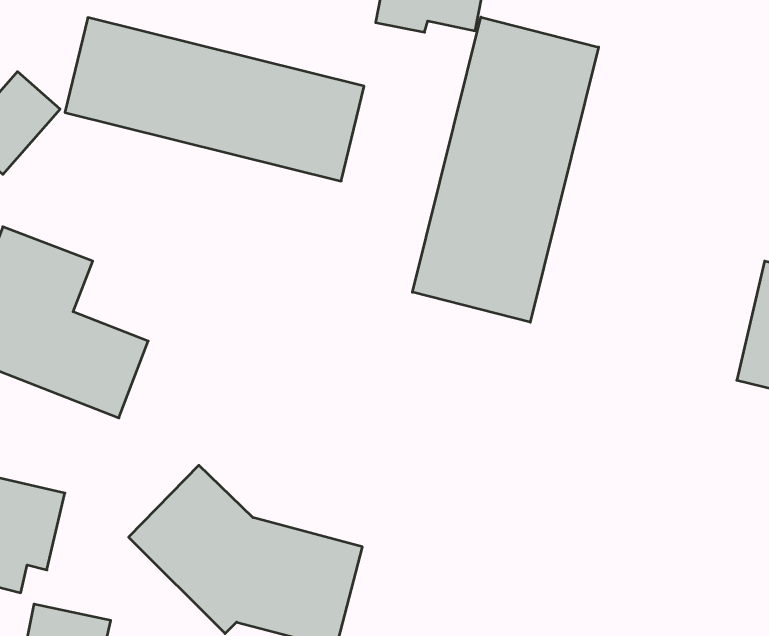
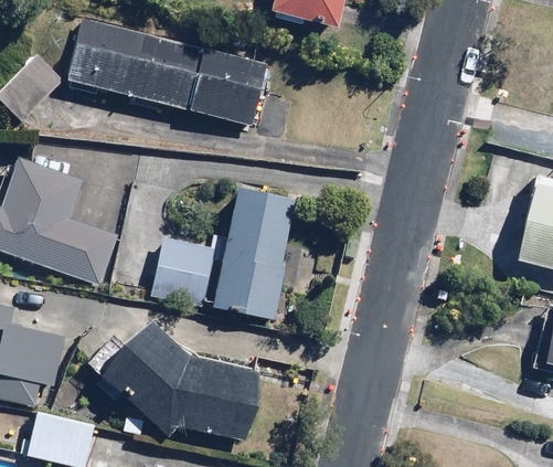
building: [412,17,599,322] -> none
building: none -> [214,183,298,317]
building: none -> [148,236,214,309]

